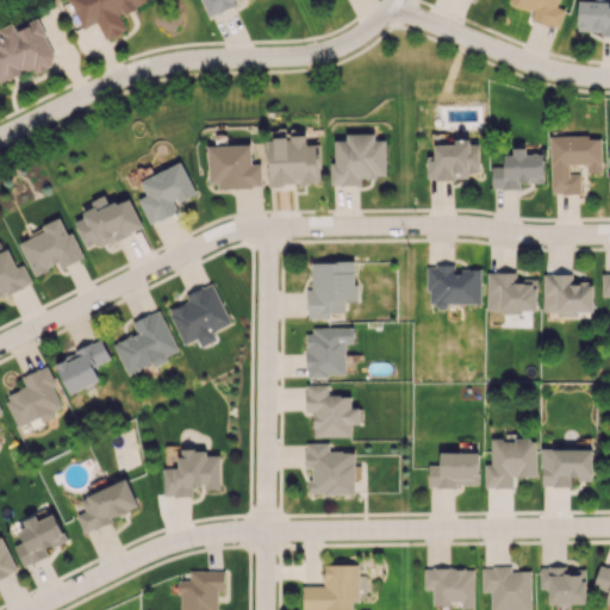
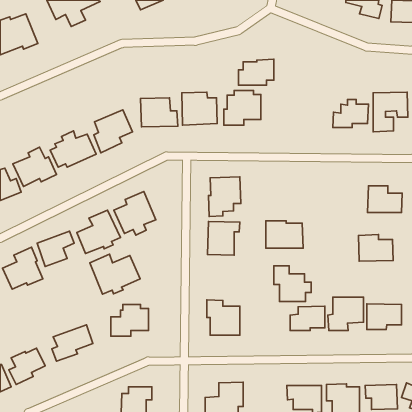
building: [428,142,480,180] -> [238,59,274,85]
building: [428,266,483,306] -> [266,221,303,248]
building: [487,273,539,312] -> [358,235,393,261]
building: none -> [90,254,140,294]
building: [306,385,361,437] -> [274,266,311,301]

